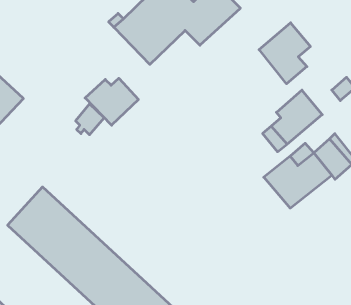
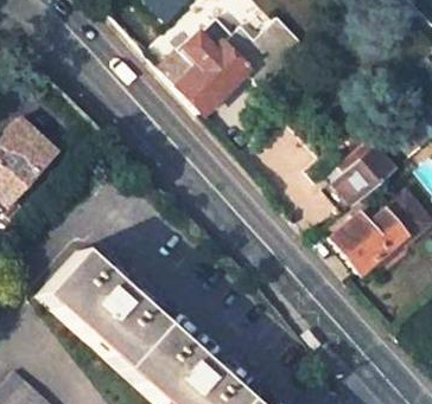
building: [259,23,310,84] -> none
building: [85,78,138,125] -> none

